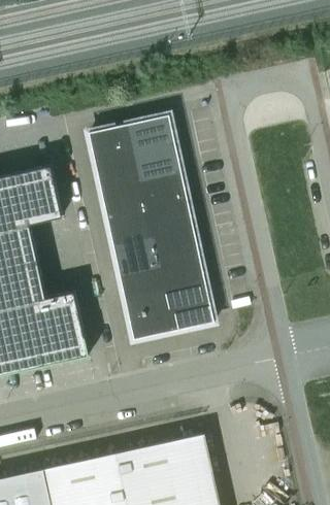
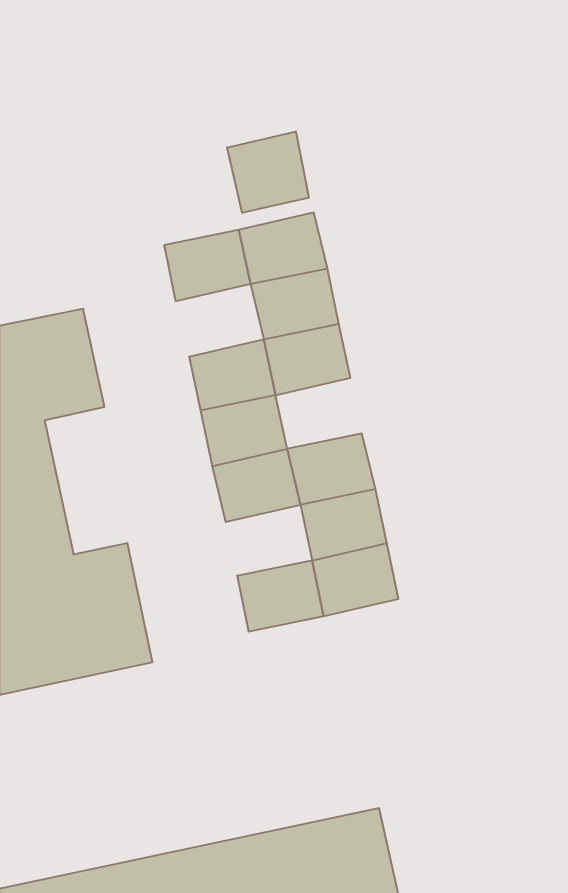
building: none -> [227,132,309,213]
building: [95,154,142,193] -> none
building: [148,204,195,242] -> none
building: [122,272,168,310] -> none

